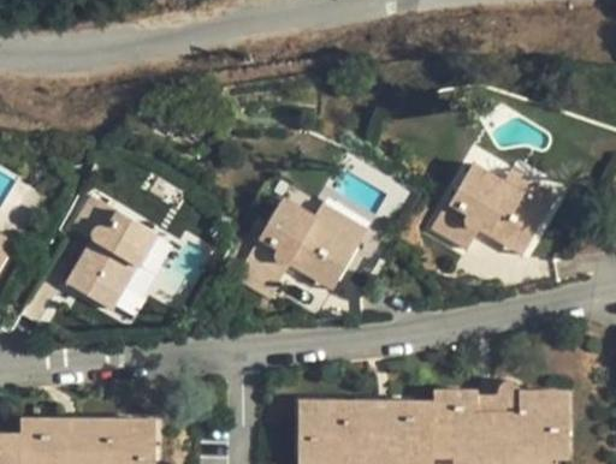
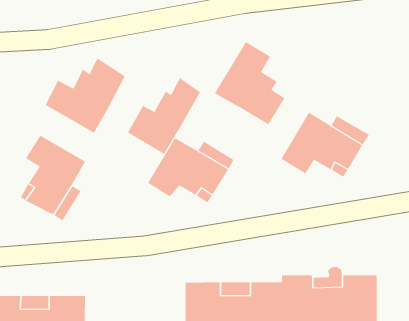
building: none -> [214,41,285,125]
building: none -> [45,57,126,133]
building: none -> [127,77,201,155]

